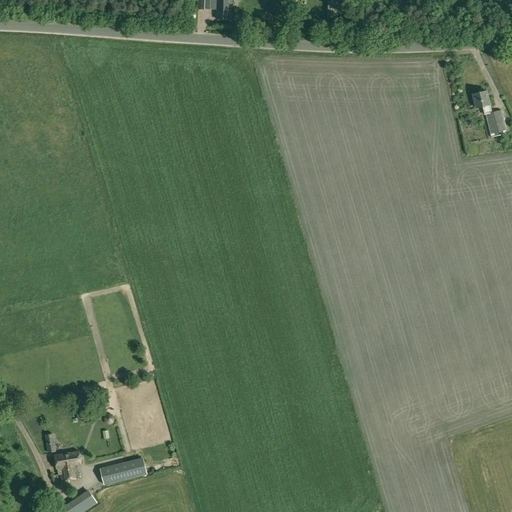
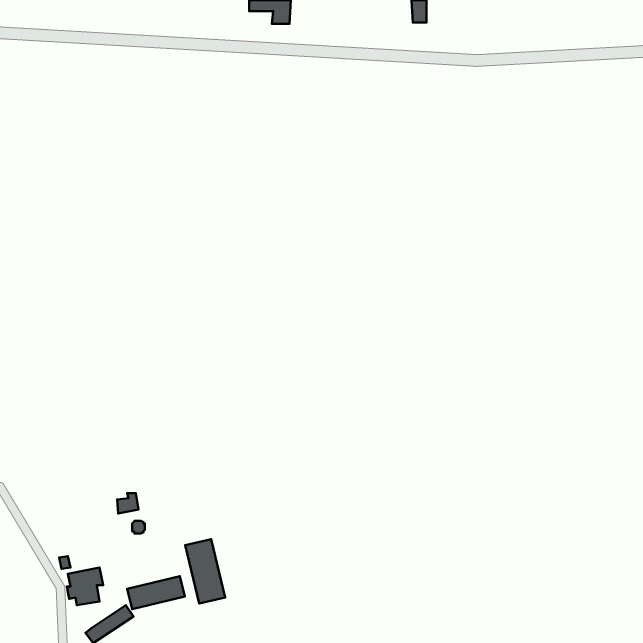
building: [473,91,507,137] -> none
building: none -> [185,539,225,603]

